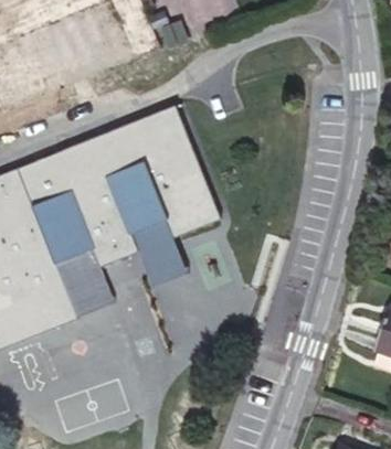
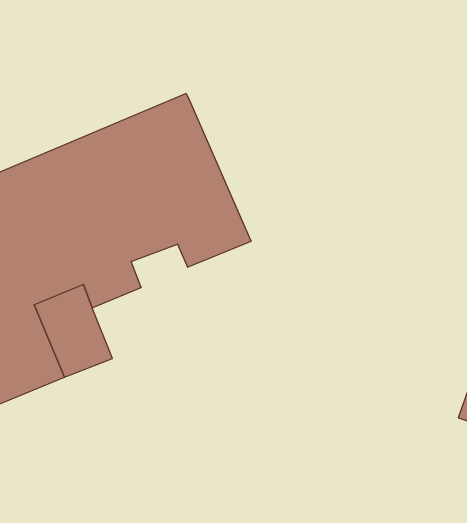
building: [127,216,187,286] -> none

